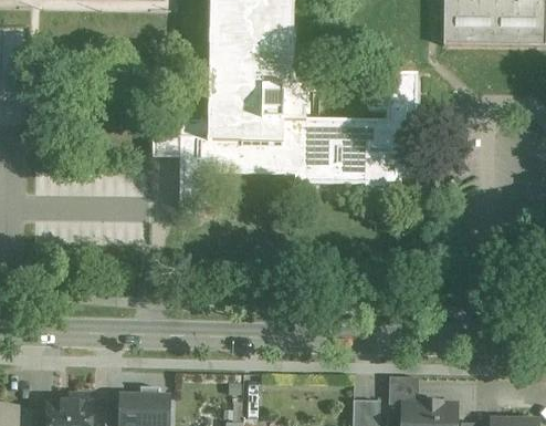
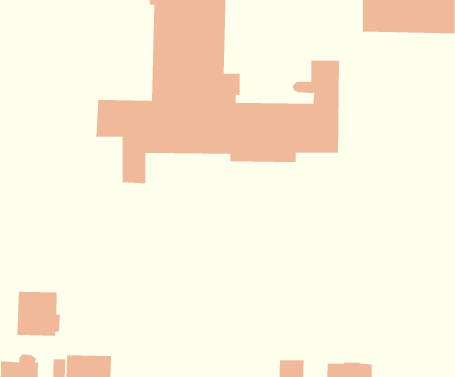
building: none -> [17,291,60,336]
building: [387,376,417,404] -> none

